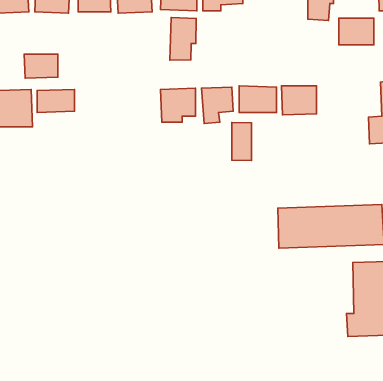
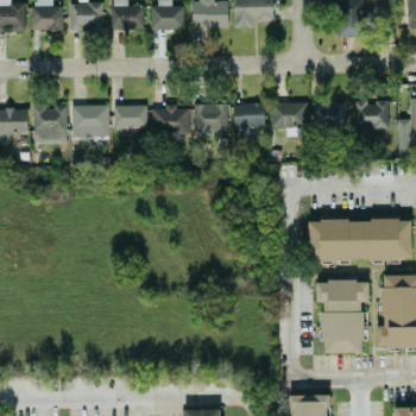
building: [170,18,196,60] -> none
building: [339,18,374,45] -> [354,102,389,128]
building: [24,54,58,78] -> [113,106,146,130]
building: none -> [151,106,189,135]
building: [232,123,251,161] -> none
building: none -> [316,281,368,353]

